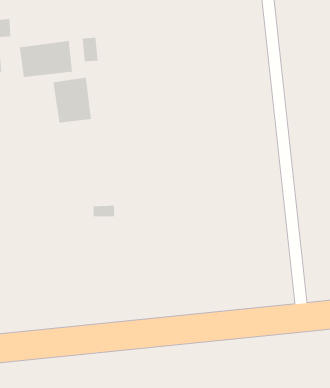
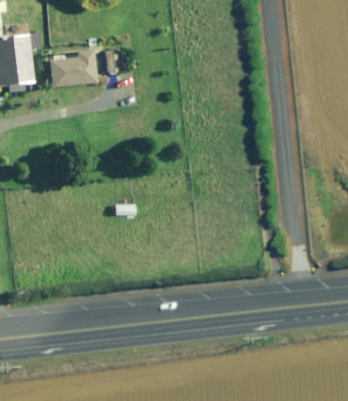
building: [53,77,92,123] -> none

